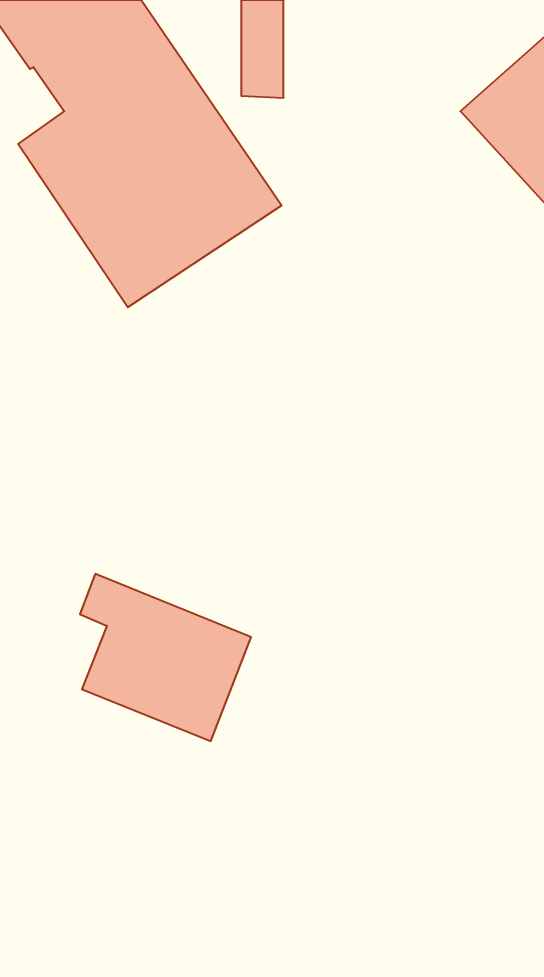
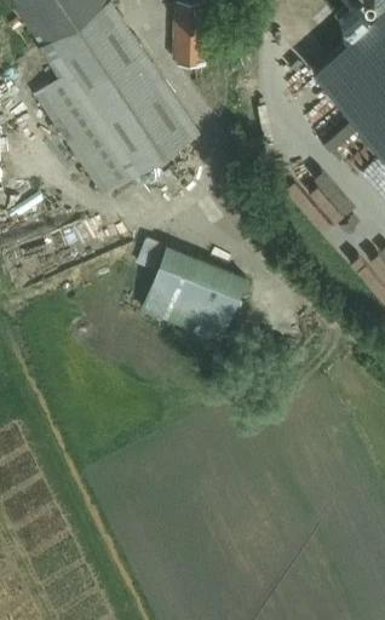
building: [80,574,251,741] -> [139,237,247,343]

